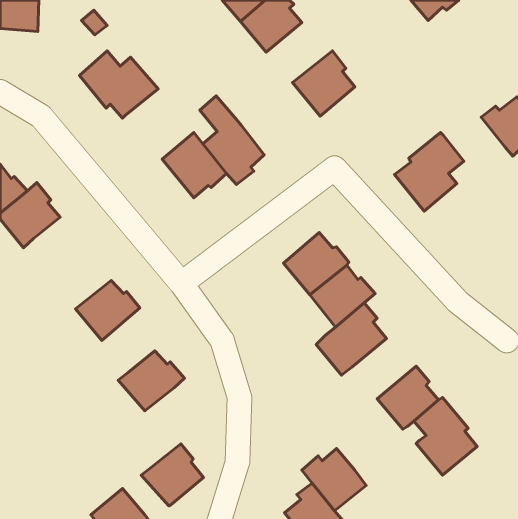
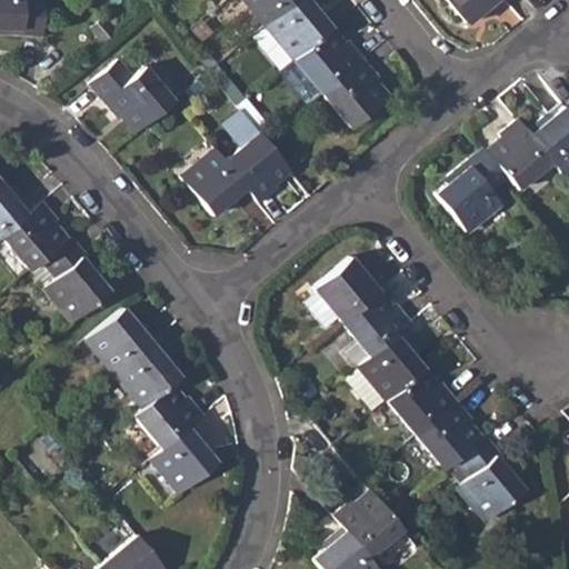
building: none -> [293,27,366,92]
building: none -> [487,118,553,190]
building: none -> [40,237,110,323]
building: none -> [114,338,181,408]
building: none -> [387,371,457,437]
building: [141,444,203,506] -> [150,425,218,492]

